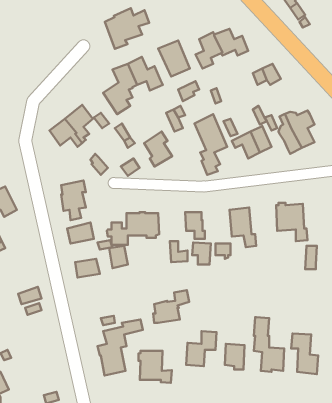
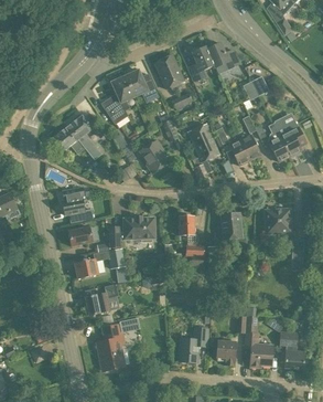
building: [105,8,149,49] -> none
building: [153,290,189,323] -> [84,284,118,315]
building: [138,351,172,383] -> none

